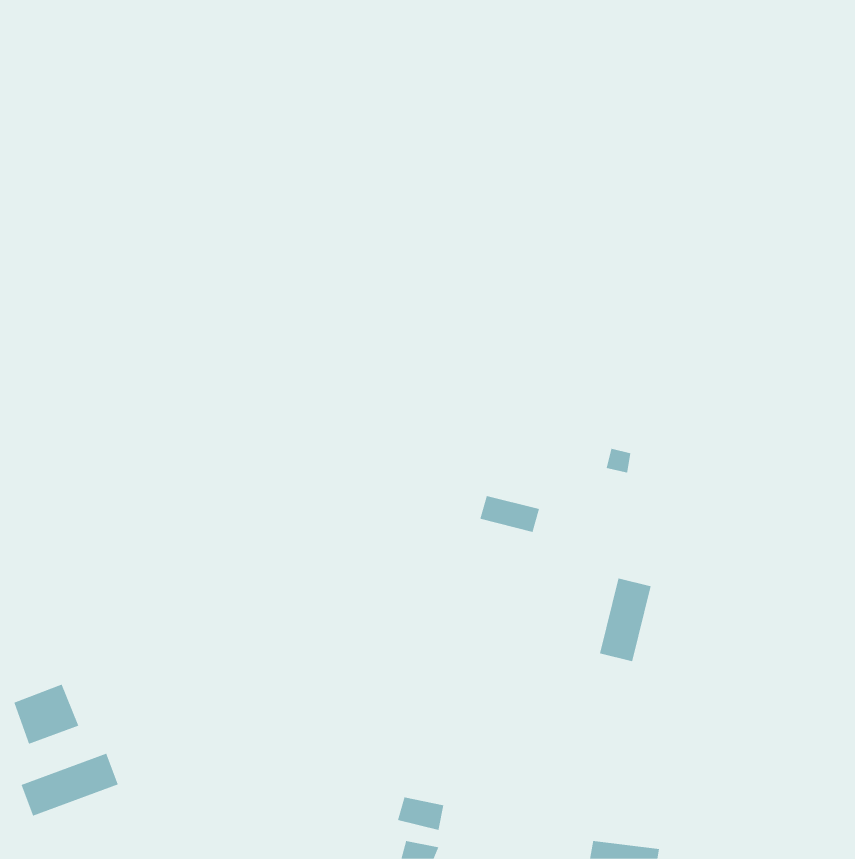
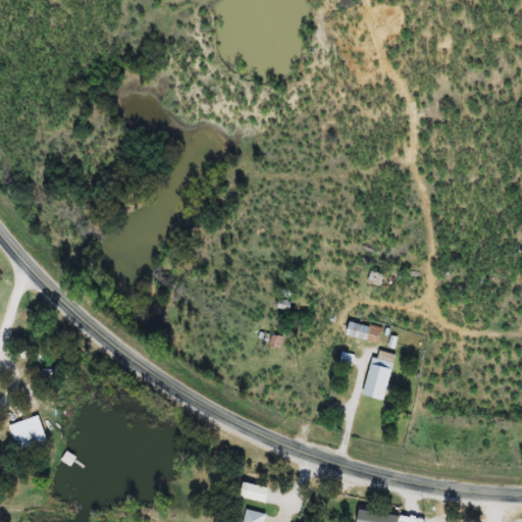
building: [479,495,540,532] -> [345,321,381,344]
building: [21,753,119,816] -> none

